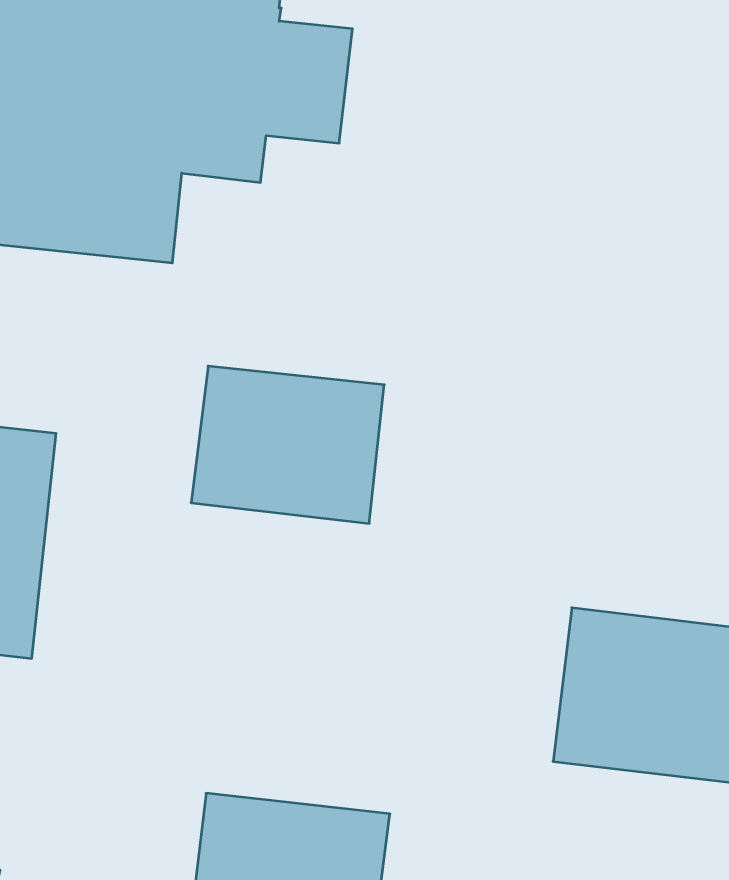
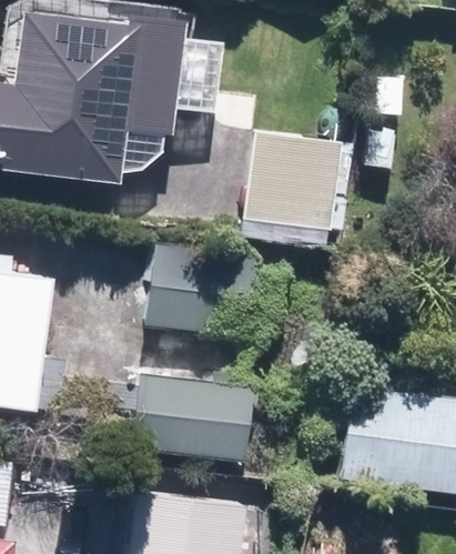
building: none -> [230,129,336,243]
building: none -> [129,373,254,460]

